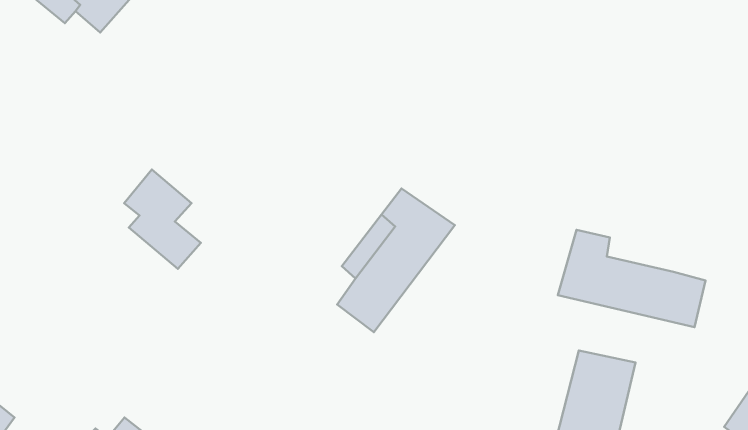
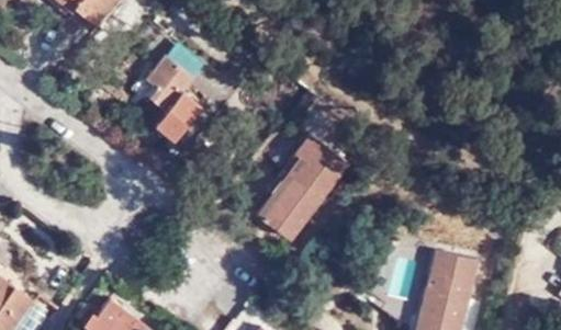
building: [124,170,201,269] -> [146,56,201,127]
building: [558,230,706,327] -> none

